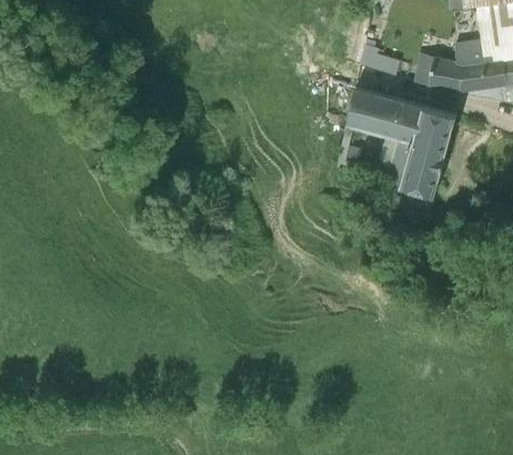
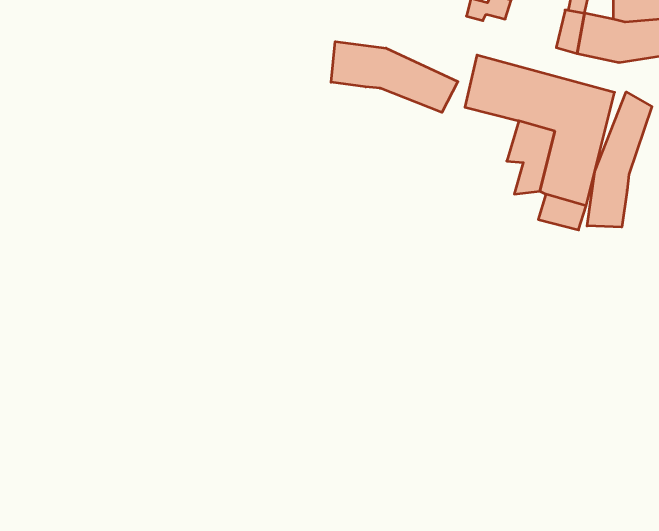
building: none -> [331,42,458,112]
building: none -> [587,92,652,227]

